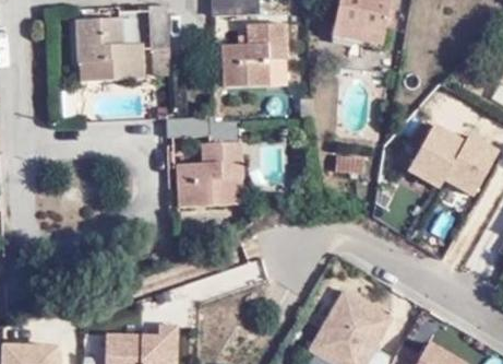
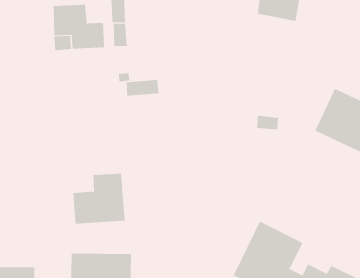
building: [223,16,289,81] -> none
building: [180,134,247,199] -> [72,173,125,224]

